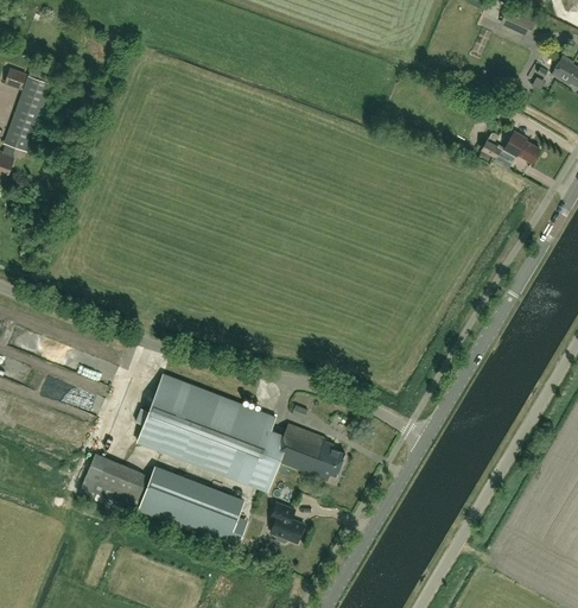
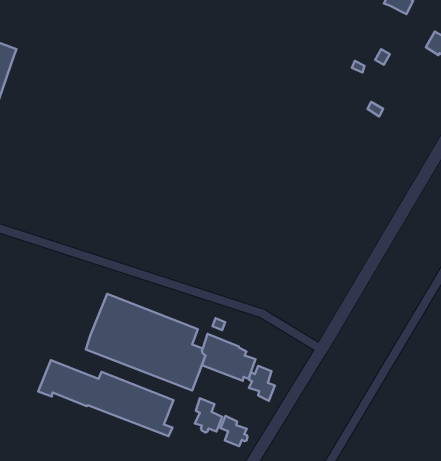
building: [503,131,539,163] -> none
building: none -> [249,366,275,401]
building: none -> [221,416,248,446]

